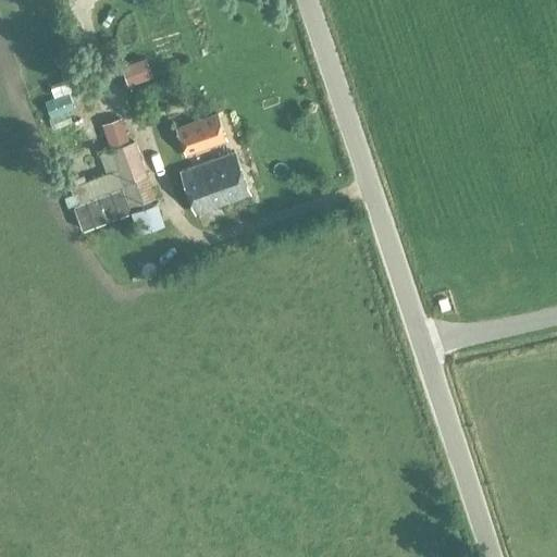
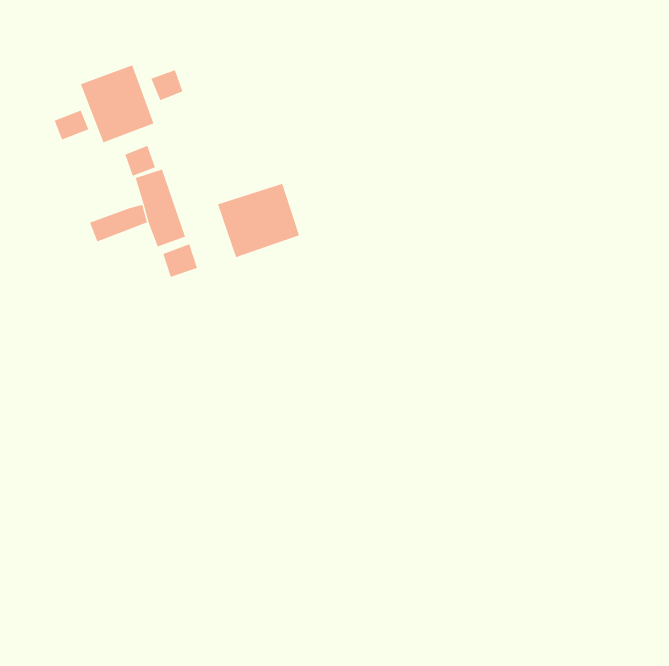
building: none -> [80,65,154,143]
building: [176,112,226,153] -> none
building: [74,189,132,231] -> none

